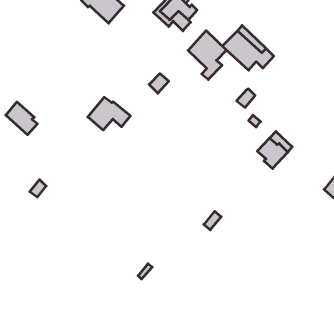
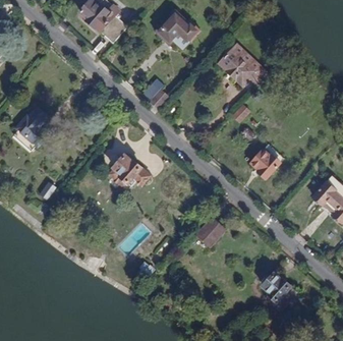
building: [188,31,226,80] -> none
building: [88,97,130,130] -> [109,156,149,186]
building: none -> [262,272,290,301]

